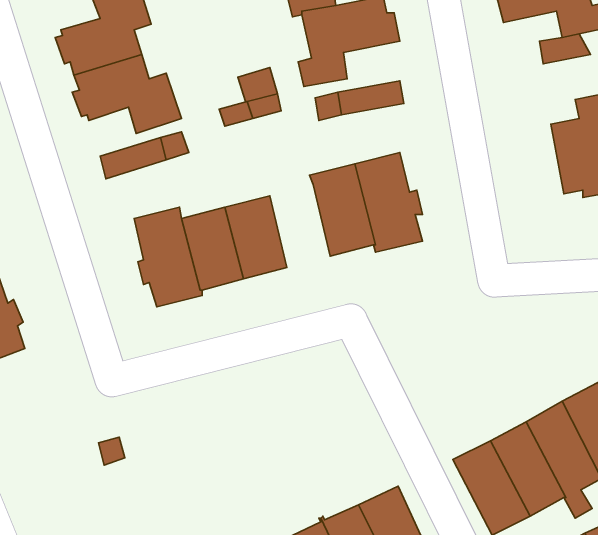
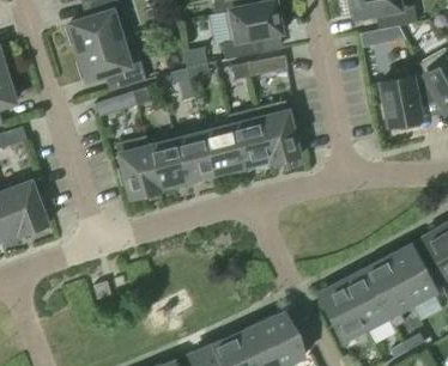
building: none -> [202,121,241,173]

